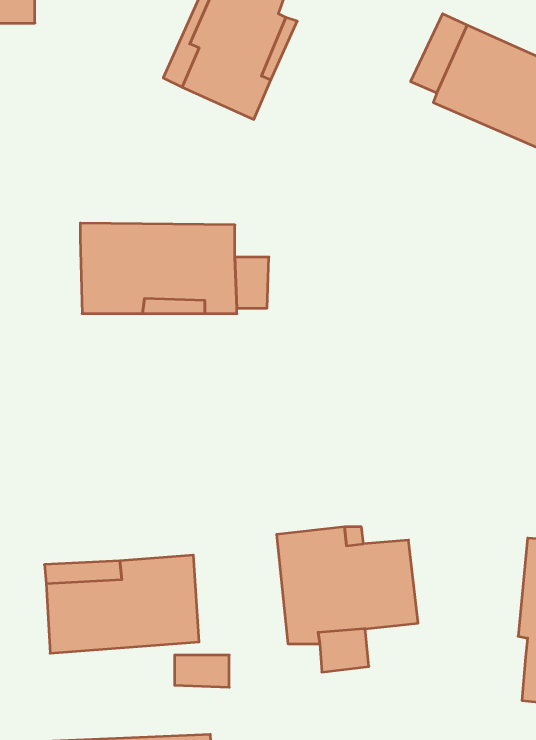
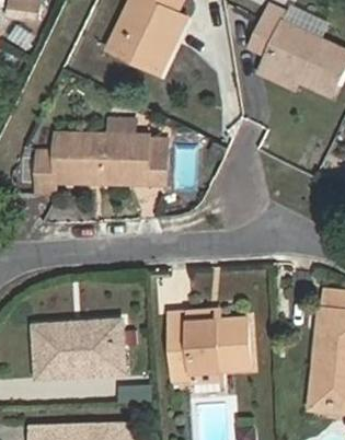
building: none -> [36,141,60,195]

